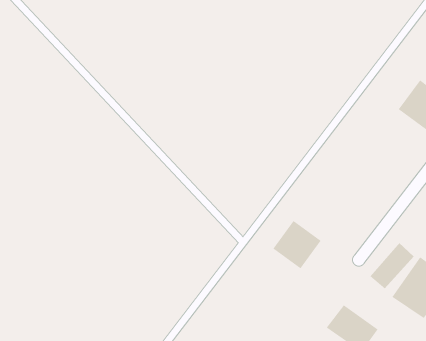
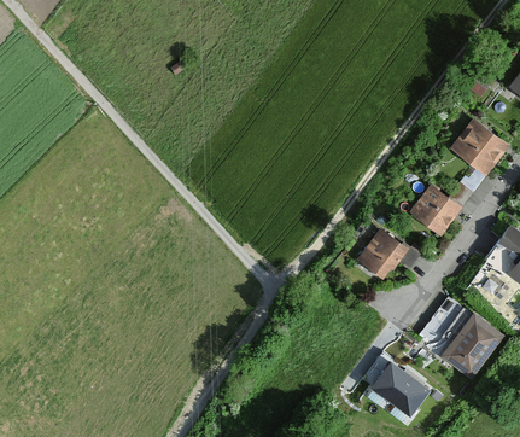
building: none -> [407,182,461,237]
building: [272,220,322,269] -> [356,226,410,280]

